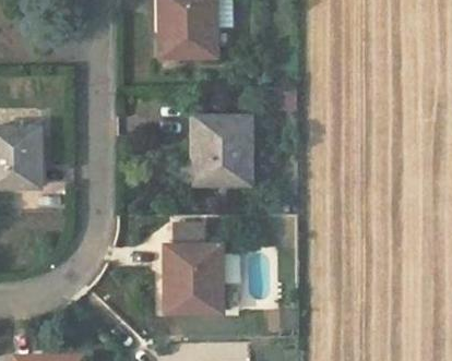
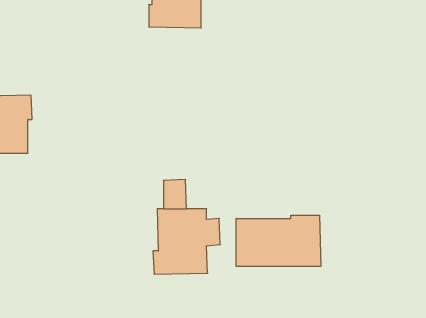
building: [193,115,249,182] -> none
building: none -> [236,215,321,266]

